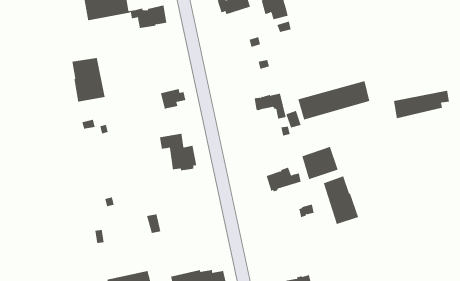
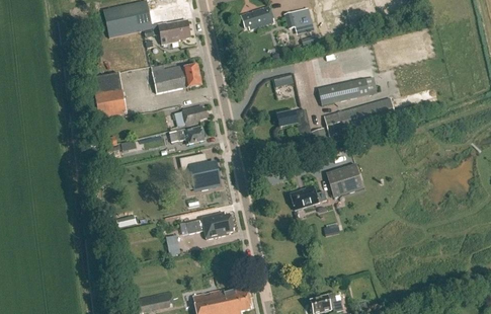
building: none -> [152,64,201,92]
building: [393,90,450,119] -> [319,77,377,106]
building: none -> [169,127,206,144]
building: [323,175,359,225] -> none
building: none -> [186,212,234,239]

